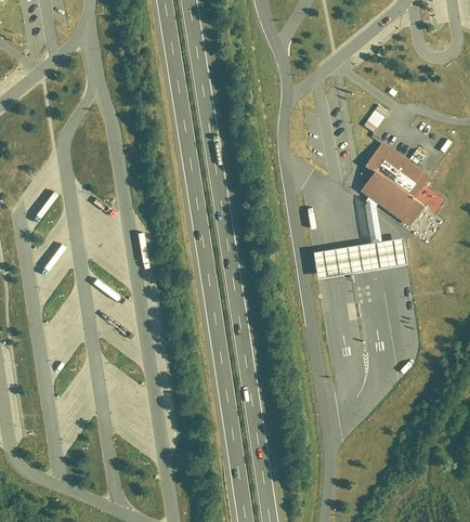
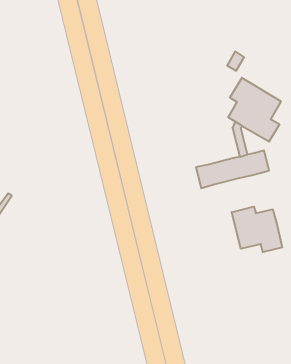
building: none -> [232,207,282,252]

